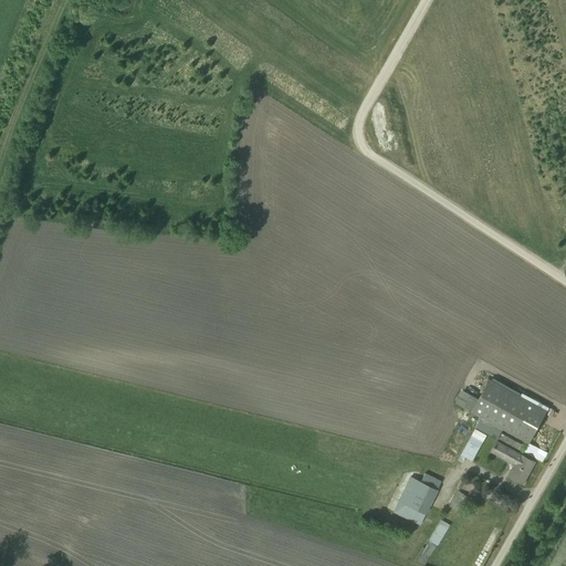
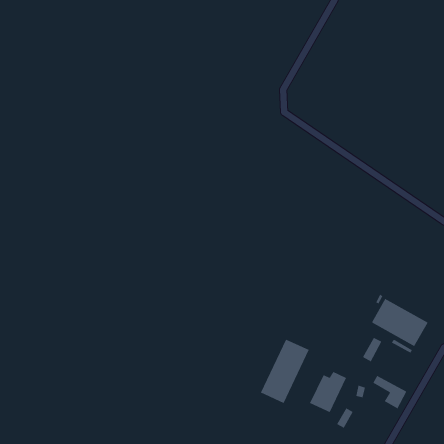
building: none -> [260,339,310,404]
building: [491,441,535,484] -> [373,375,407,409]

